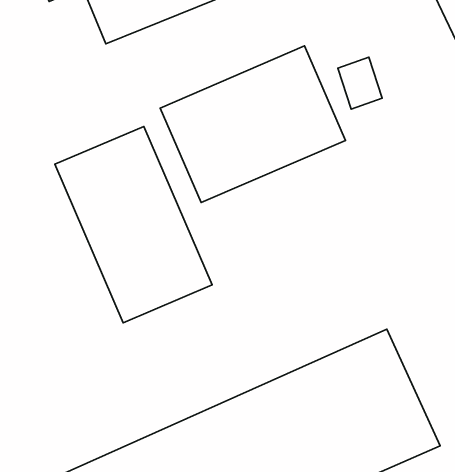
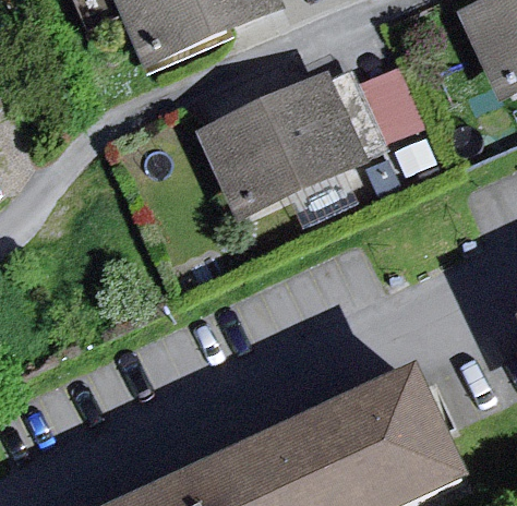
building: [55,126,212,323] -> none

